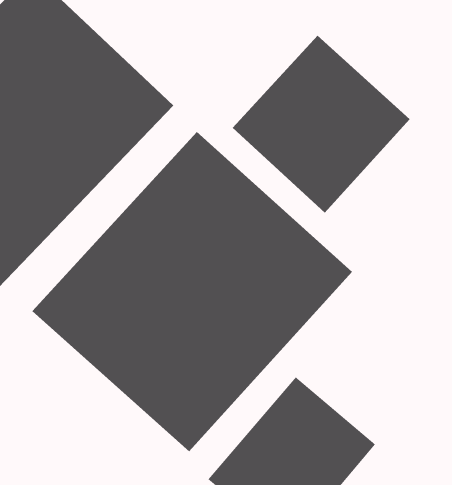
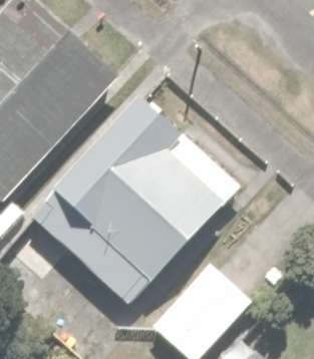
building: [232,35,410,214] -> none

